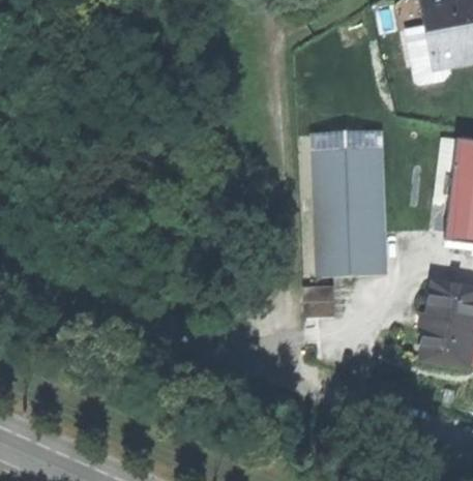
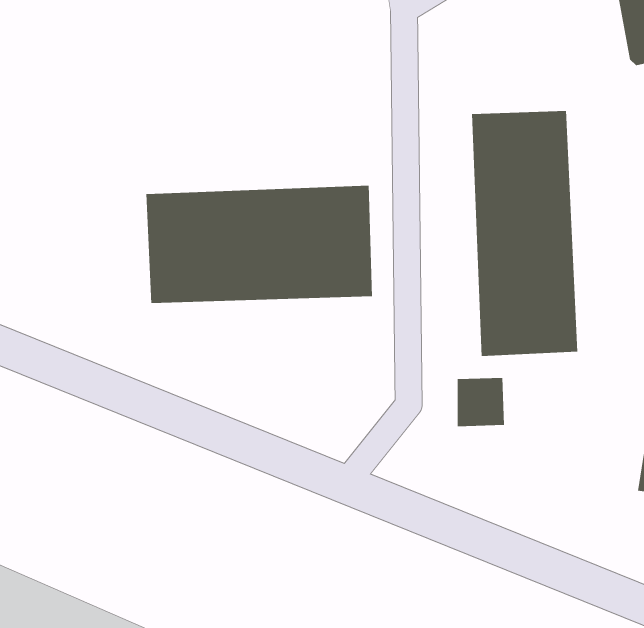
building: none -> [146,185,373,304]

